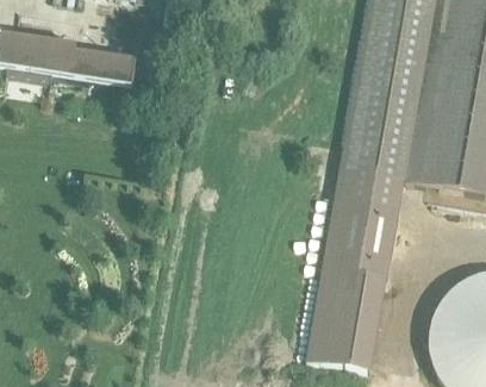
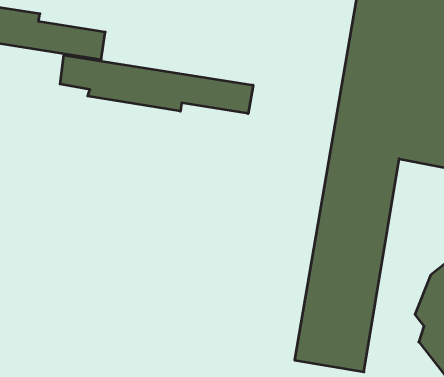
building: none -> [60,55,253,114]

